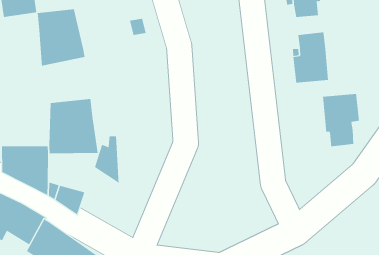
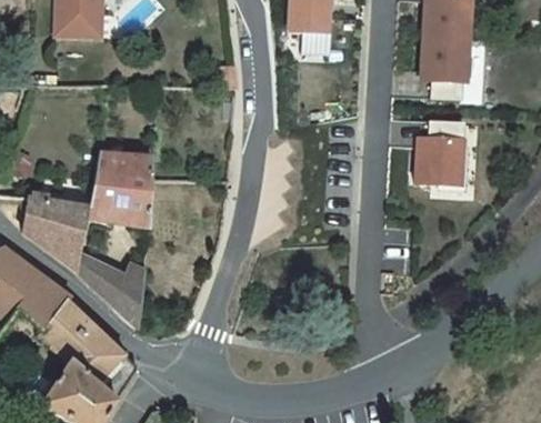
building: [37,9,85,67] -> none
building: [323,93,359,147] -> none
building: [94,136,120,184] -> [110,264,146,328]

